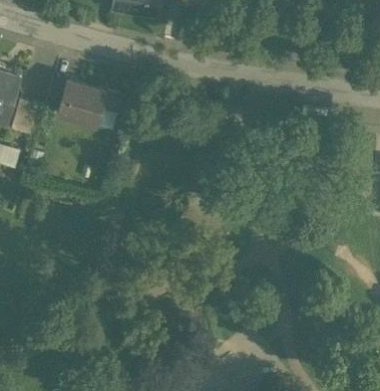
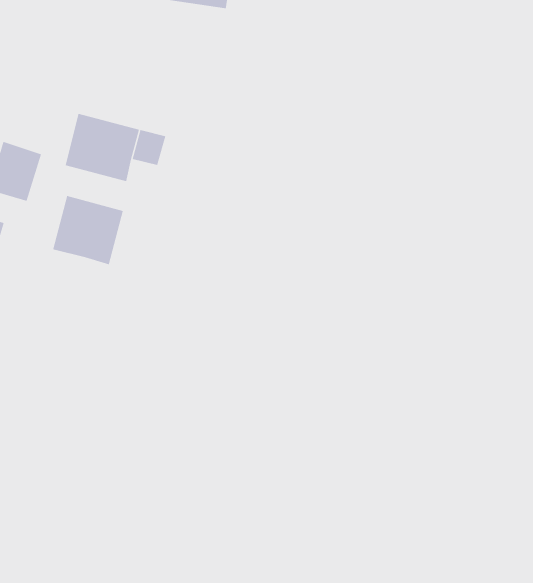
building: none -> [52,195,124,265]

